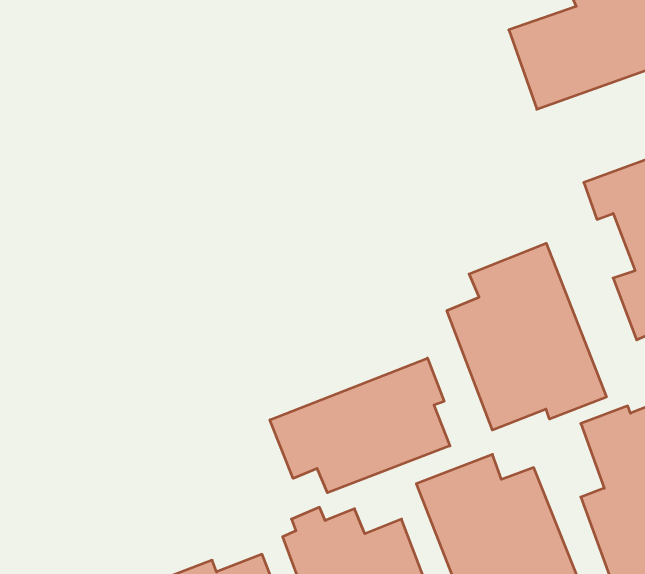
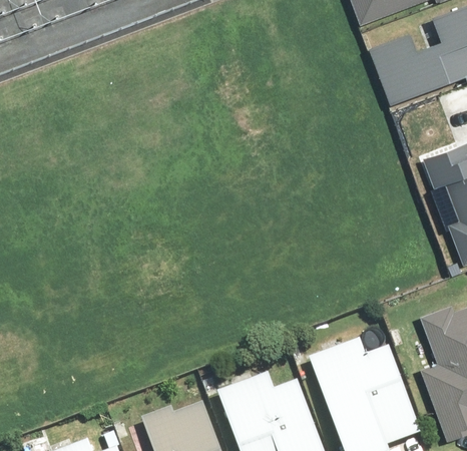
building: [447,243,606,430] -> none
building: [270,358,450,493] -> none

